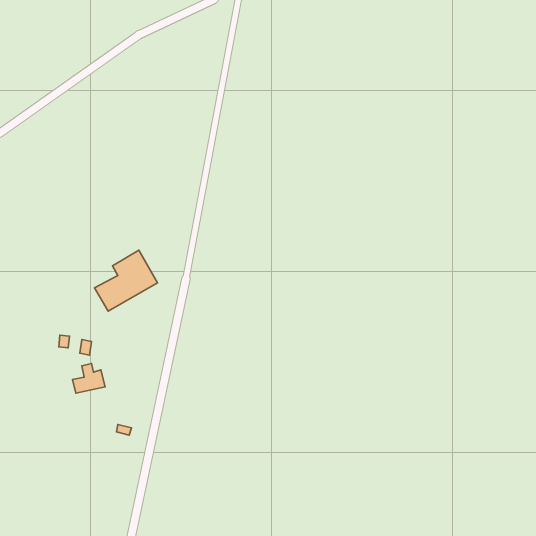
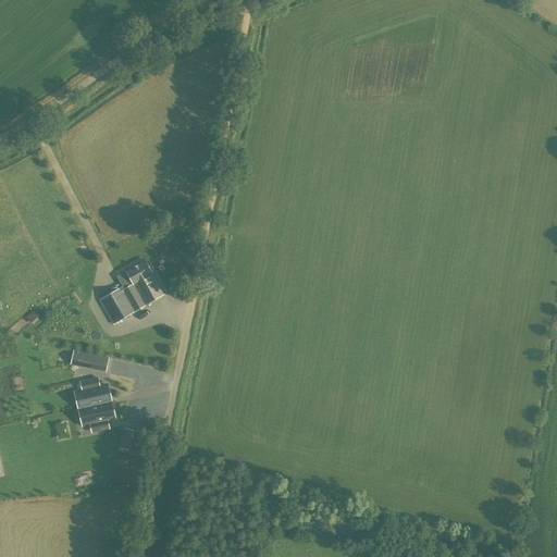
building: none -> [78,400,112,430]

